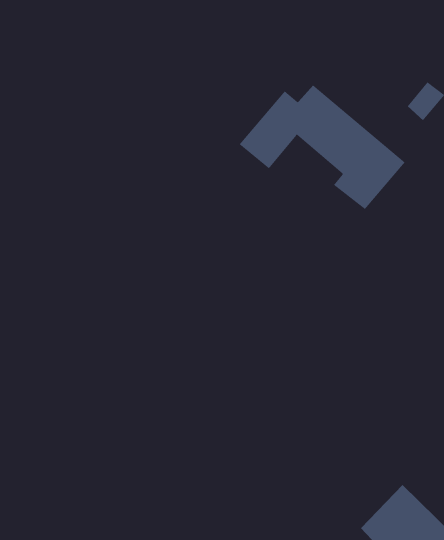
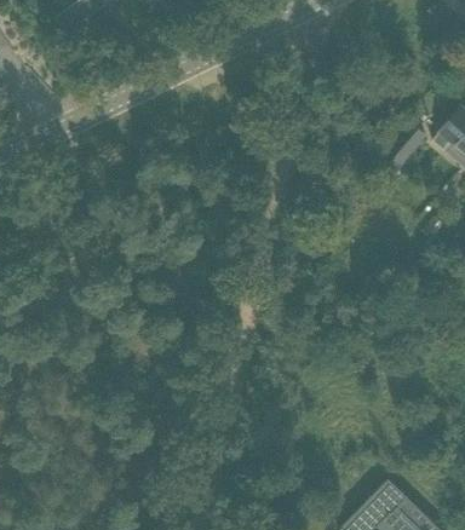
building: [239,85,406,210] -> none

